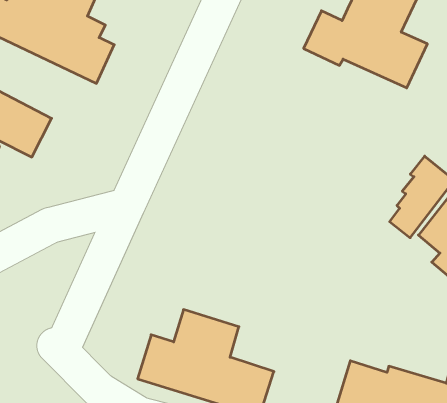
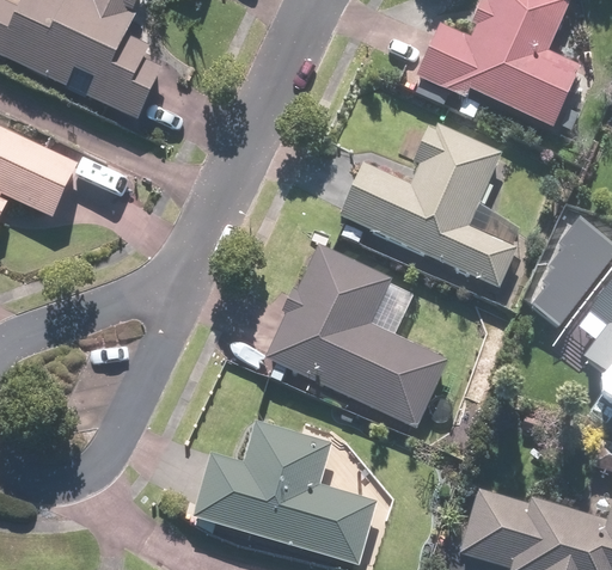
building: none -> [339,125,516,290]
building: none -> [264,246,449,429]

